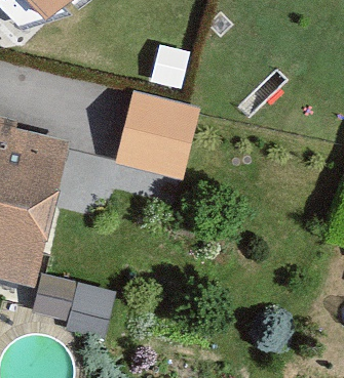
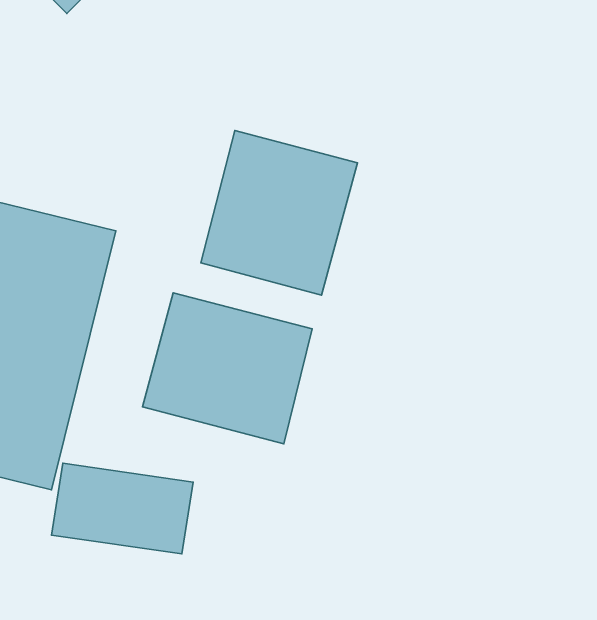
building: none -> [143,293,312,444]

